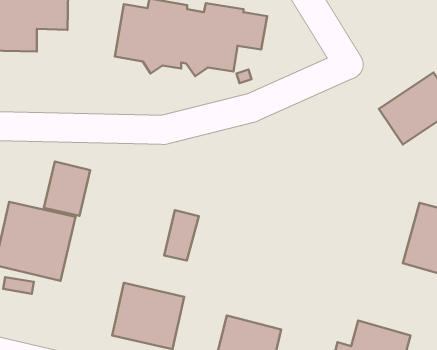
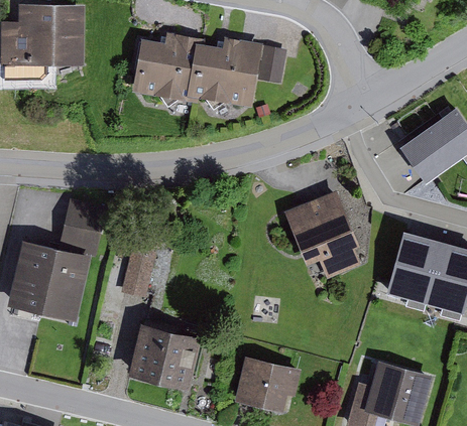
building: none -> [283,190,361,279]
building: none -> [385,230,442,302]
building: [164,210,199,261] -> [121,247,156,298]

